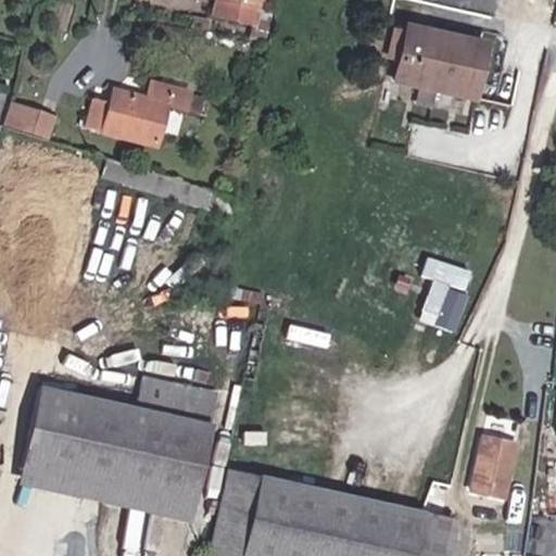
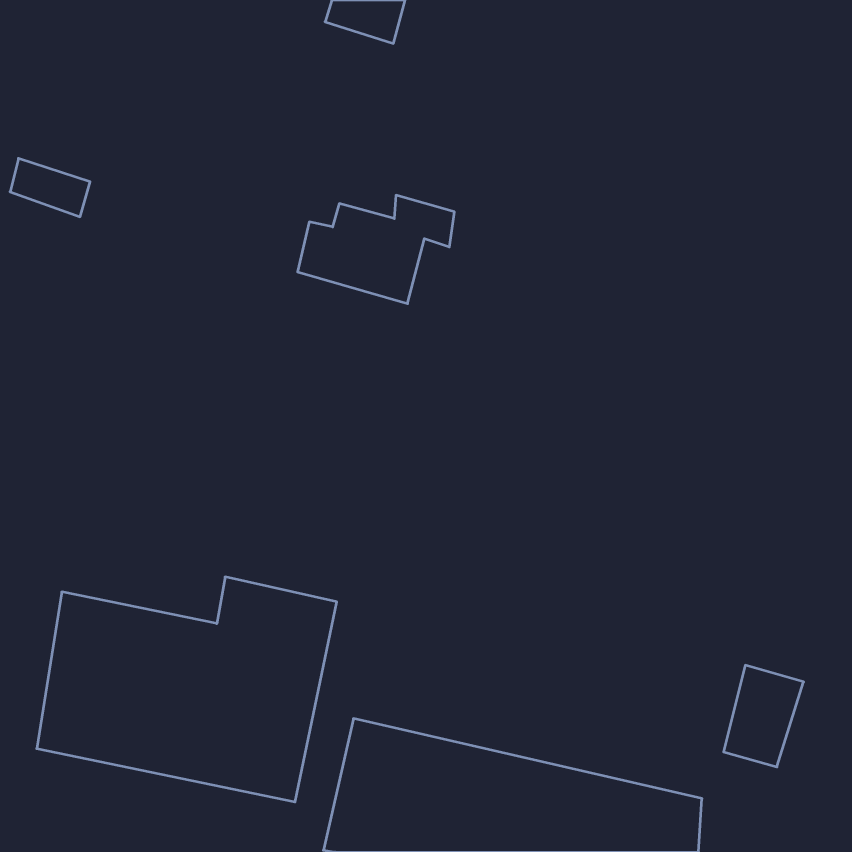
building: [395,23,490,100] -> none
building: [87,79,189,150] -> [298,195,454,304]
building: [416,255,472,328] -> none

